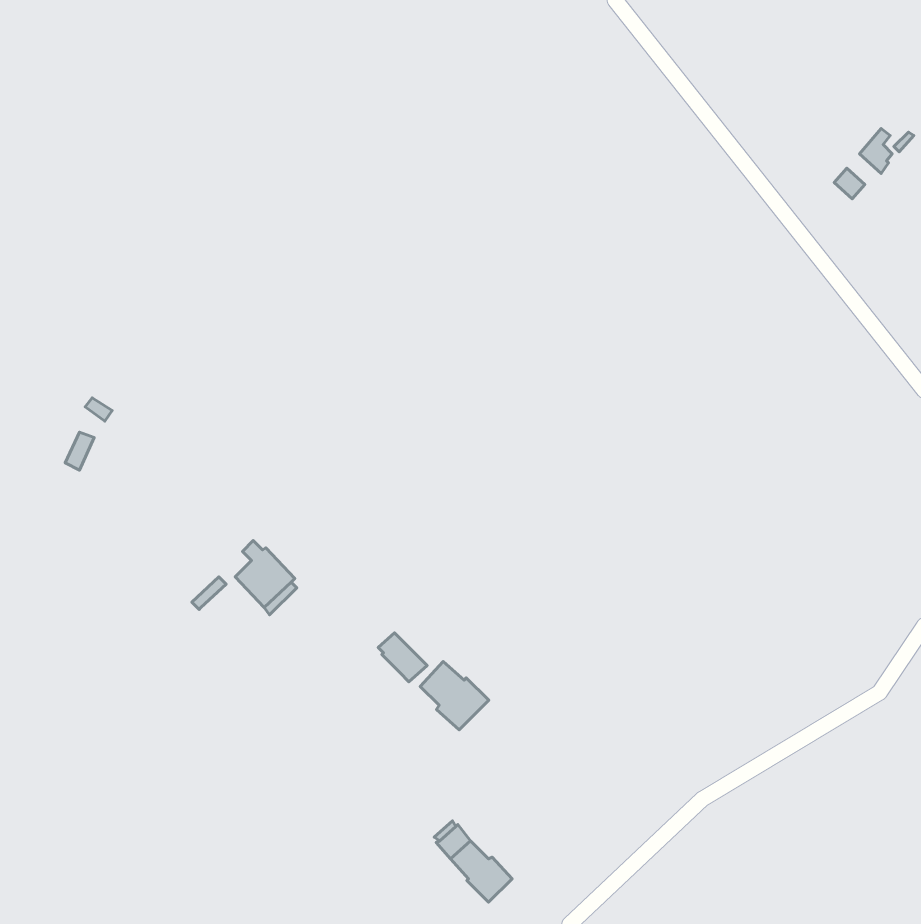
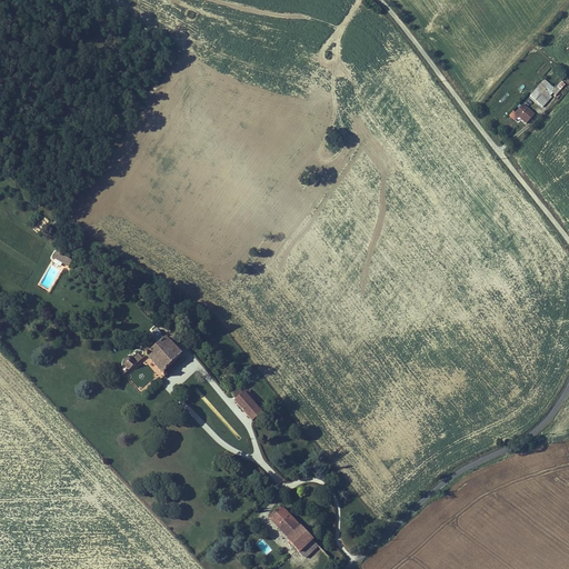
building: [420,662,489,730] -> none

